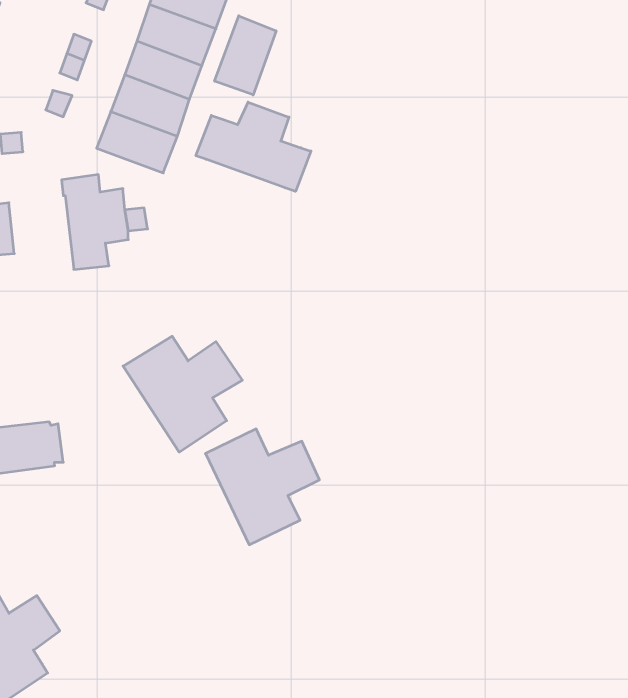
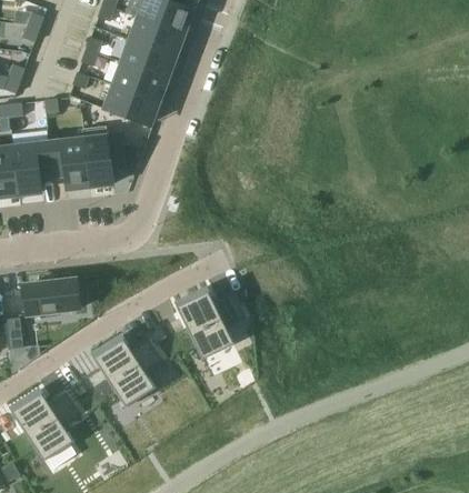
building: [215,16,276,95] -> none
building: [196,102,311,191] -> none
building: none -> [49,139,90,189]
building: [123,336,242,452] -> [90,333,166,406]

